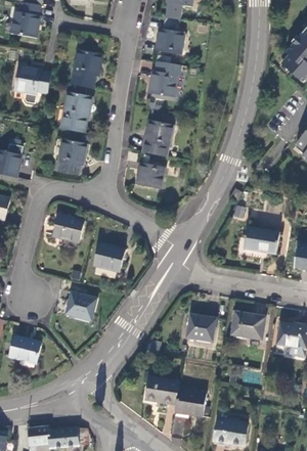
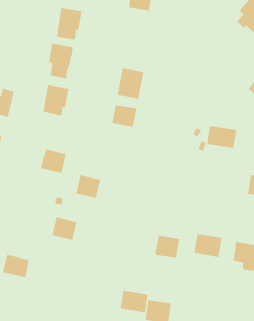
building: [14,59,51,103] -> none
building: [148,61,181,97] -> none
building: [244,227,279,254] -> [206,126,237,148]

